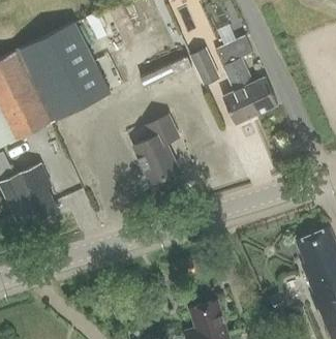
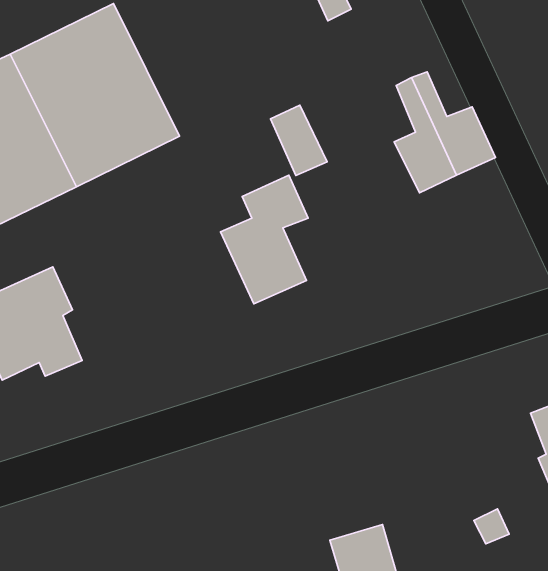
building: [215,35,252,65] -> none
building: [192,48,222,85] -> [271,105,327,175]

